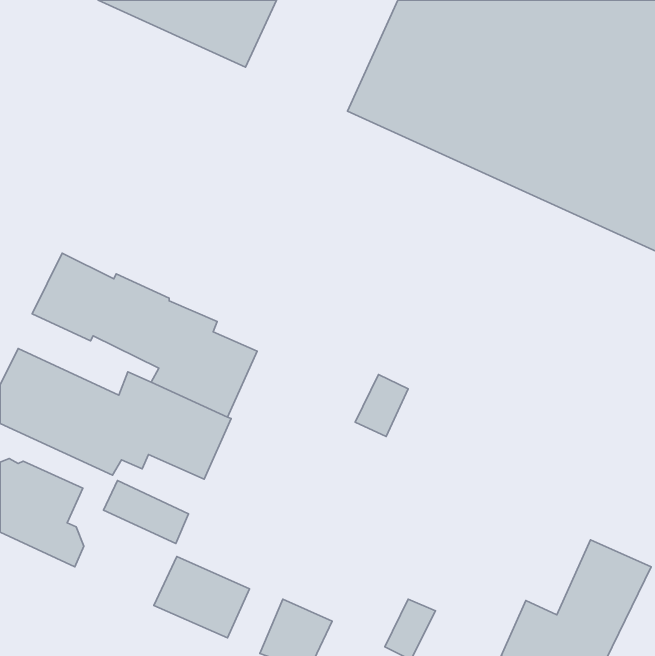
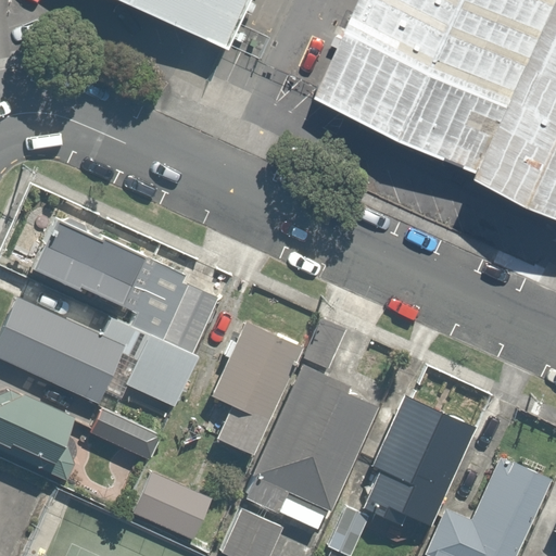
building: none -> [212,320,303,454]
building: none -> [245,363,378,529]
building: none -> [362,393,477,526]

